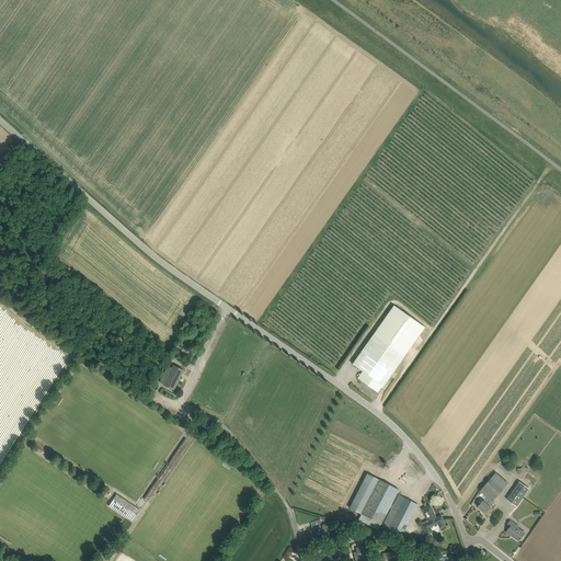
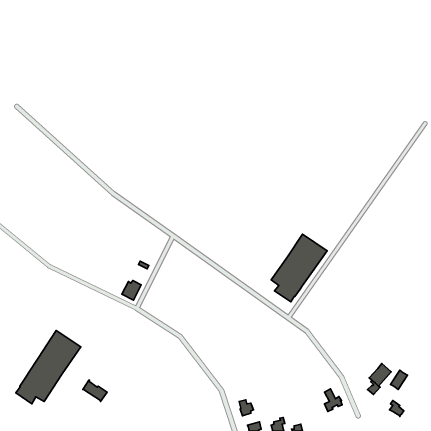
building: none -> [16,330,81,404]
building: [359,478,416,536] -> none

